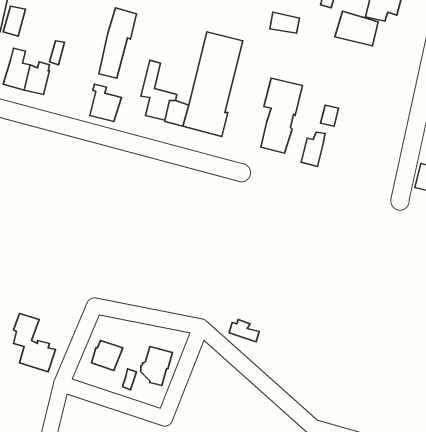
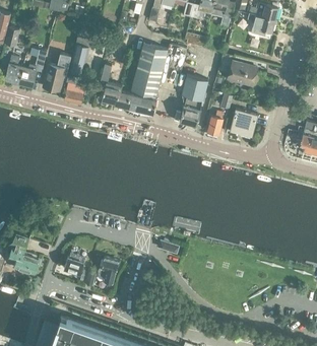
building: [335,11,378,46] -> [228,62,257,85]
building: none -> [44,53,72,91]
building: none -> [230,109,258,138]

